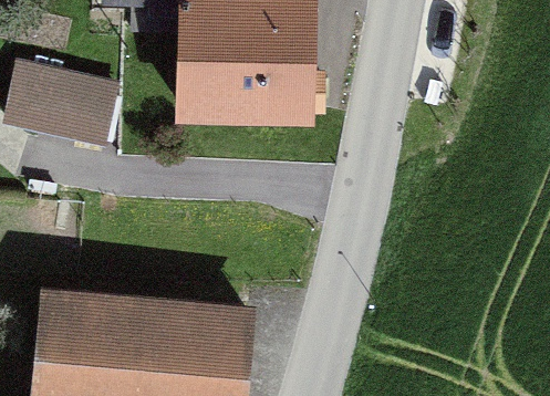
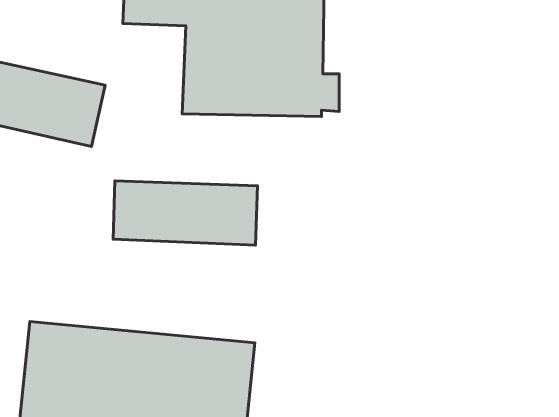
building: none -> [113,181,257,245]

